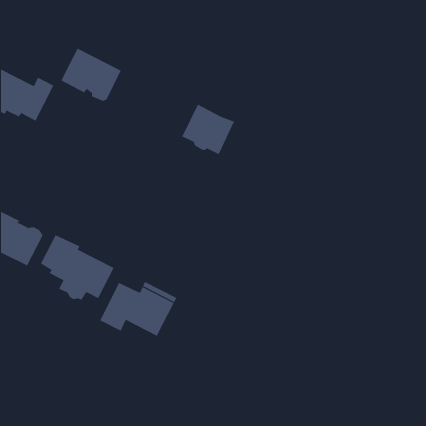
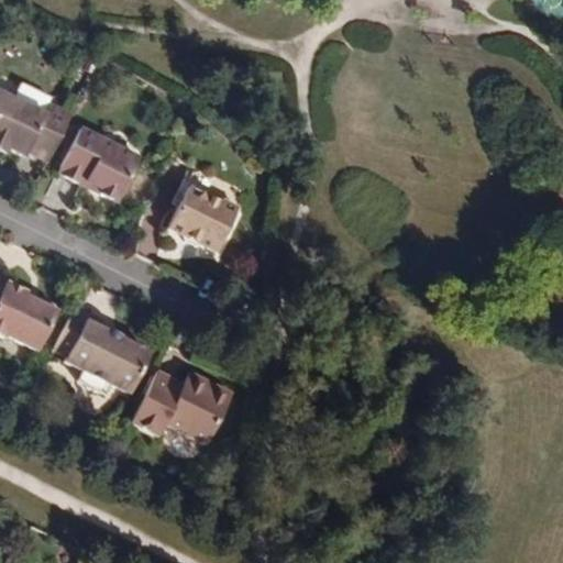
building: [60,48,121,101] -> [59,128,140,198]
building: [182,104,235,155] -> [169,184,240,251]

